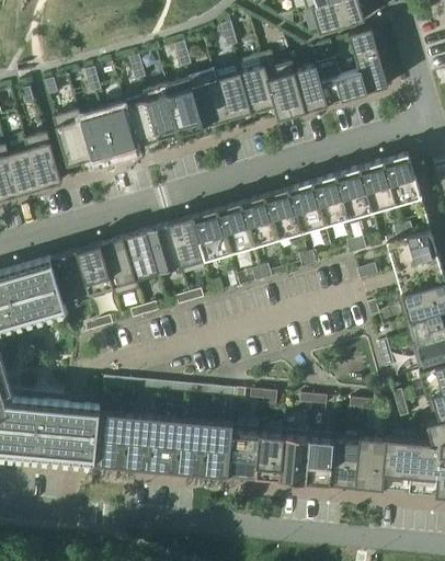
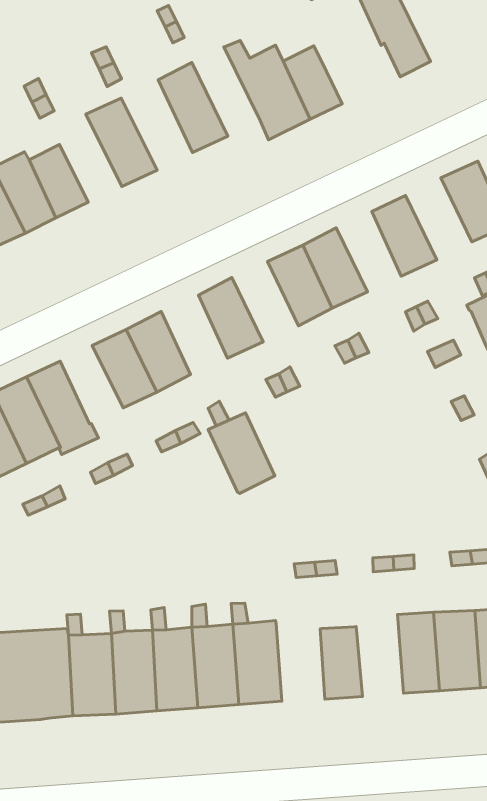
building: [237,56,274,113] -> none
building: [189,70,228,127] -> none
building: [321,70,367,104] -> none
building: [142,84,180,140] -> none
building: [358,161,396,213] -> none
building: [311,175,347,226] -> none
building: [240,196,277,247] -> none
building: [192,210,229,261] -> [208,413,275,494]
building: [123,231,158,280] -> none
building: [228,426,261,479] -> none
building: [279,431,310,483] -> none

